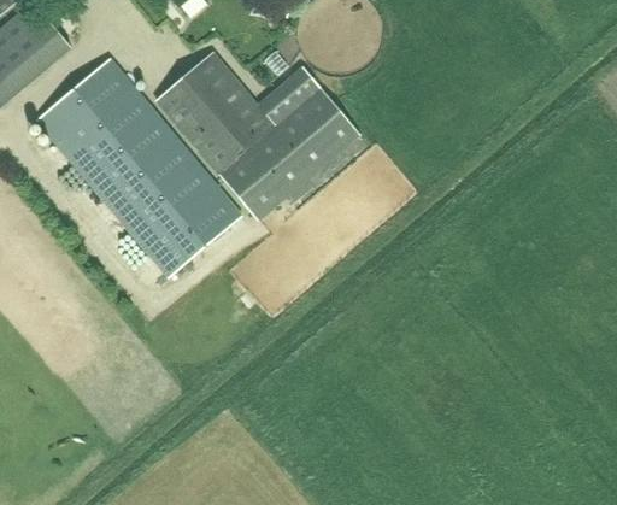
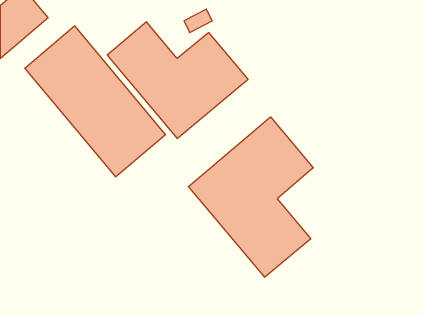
building: none -> [188,117,313,277]

